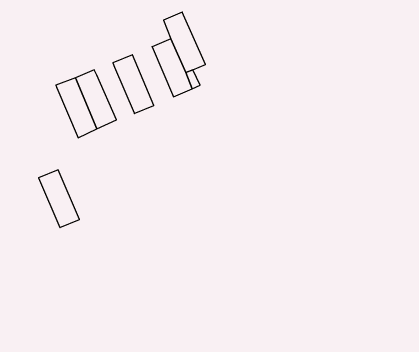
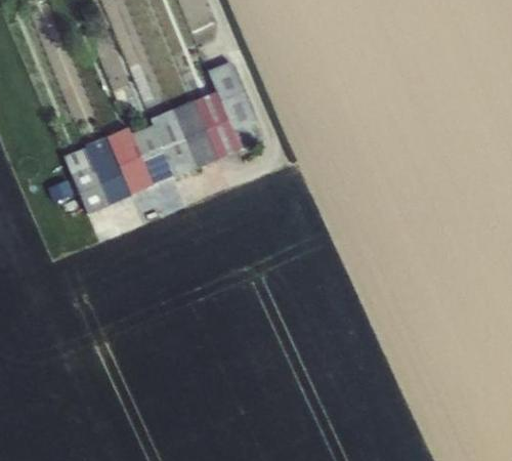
building: none -> [172,99,219,167]
building: none -> [131,123,174,183]
building: [39,170,79,228] -> [62,146,110,213]

